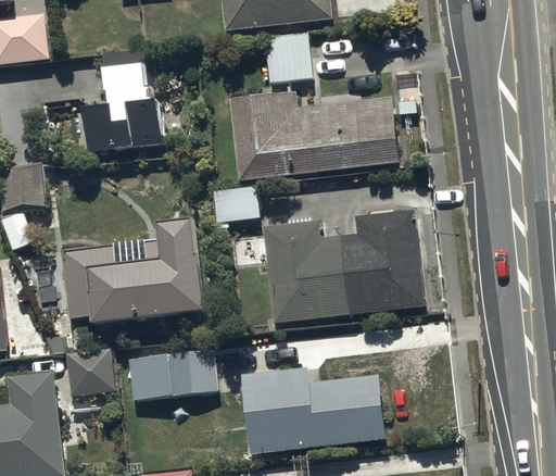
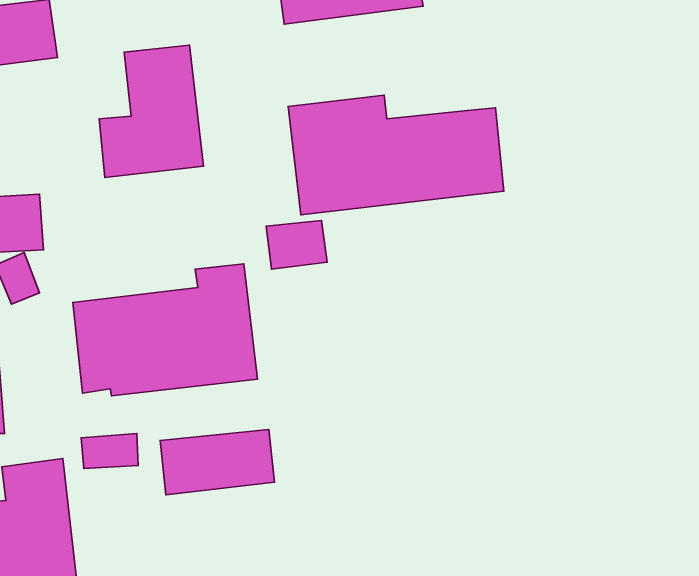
building: [263,30,311,85] -> none
building: [262,211,426,323] -> none
building: [241,365,387,454] -> none

